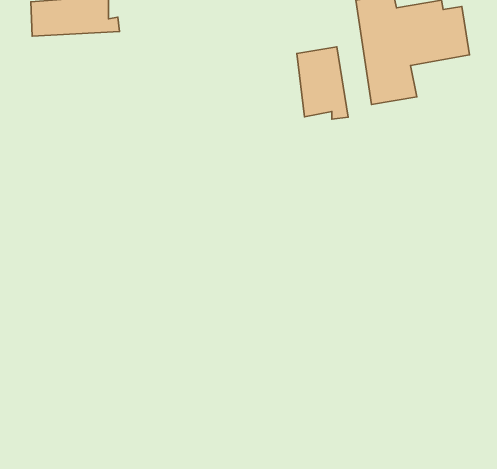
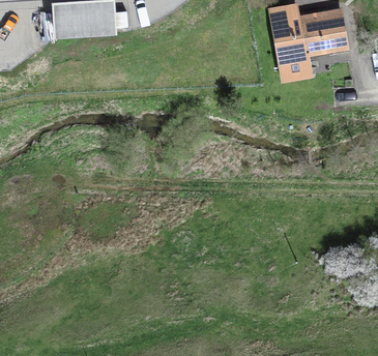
building: [297,47,348,119] -> none

